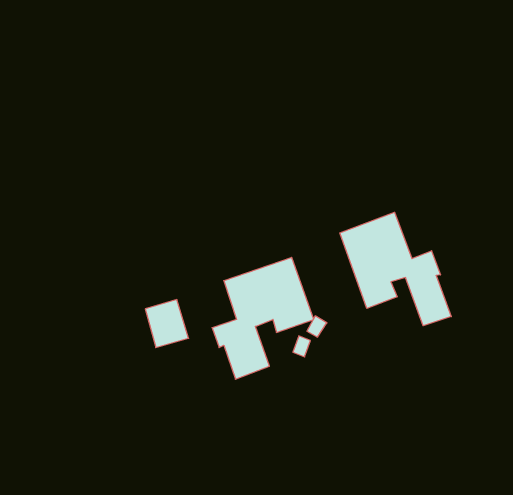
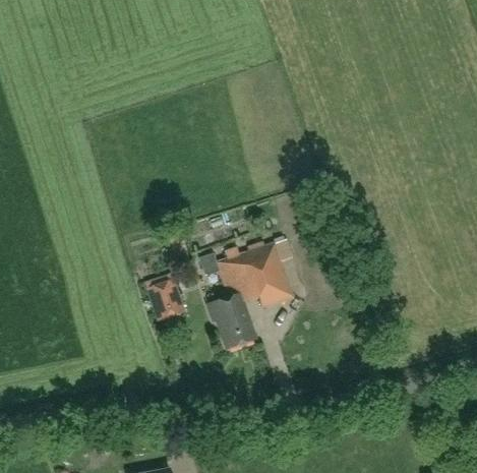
building: [340,212,451,326] -> none

